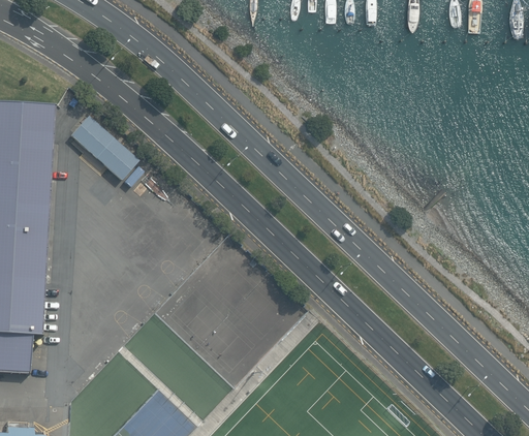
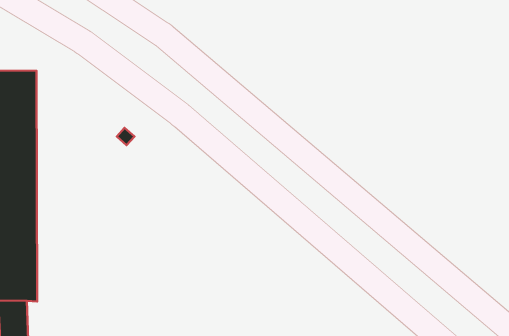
building: [69,115,138,181] -> none

